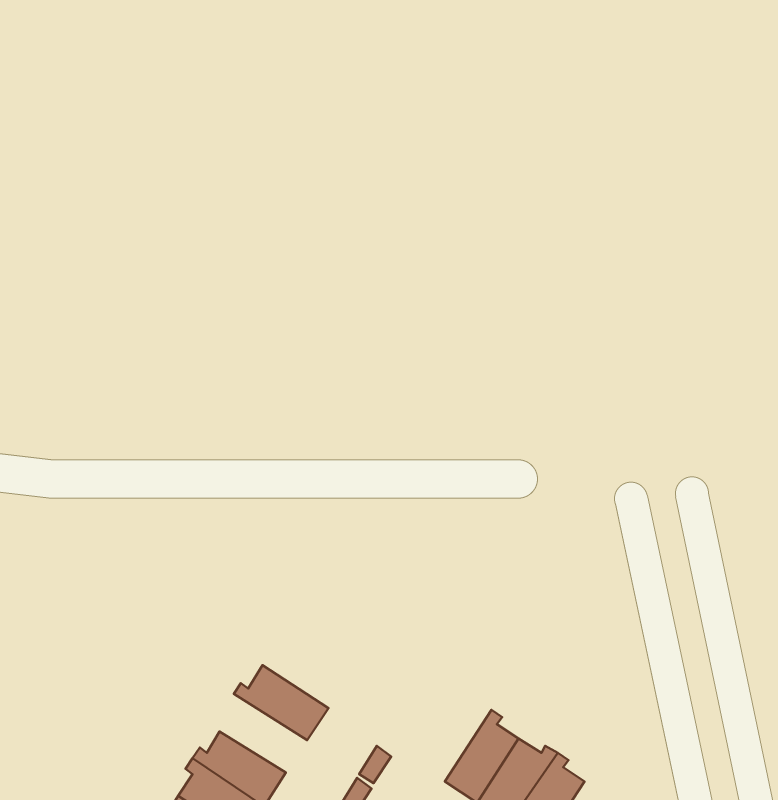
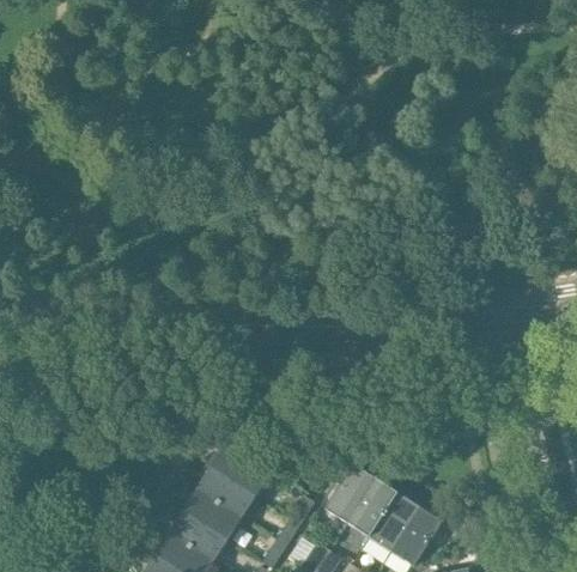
building: none -> [195,465,254,518]
building: none -> [324,467,377,524]

